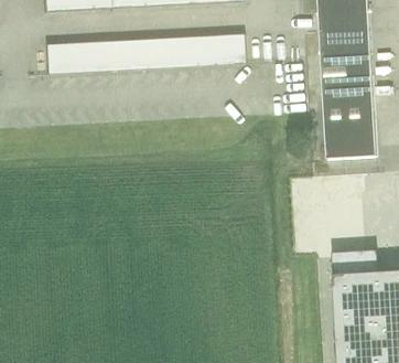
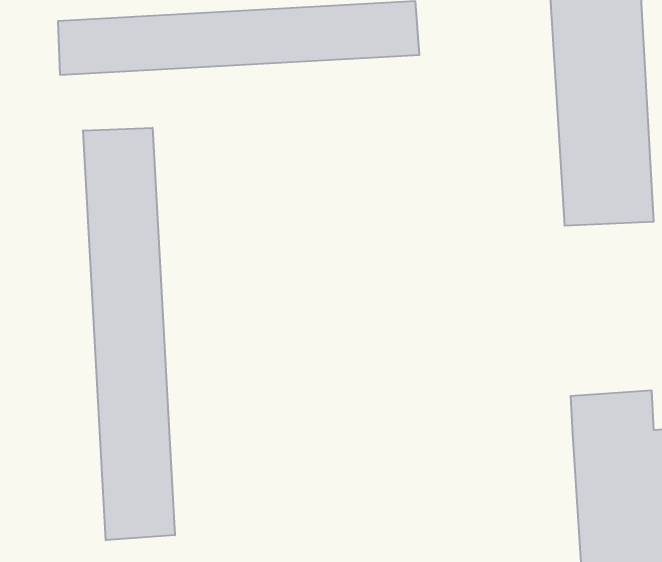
building: none -> [83,128,175,540]

